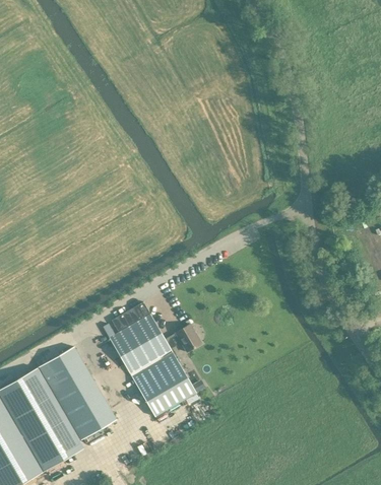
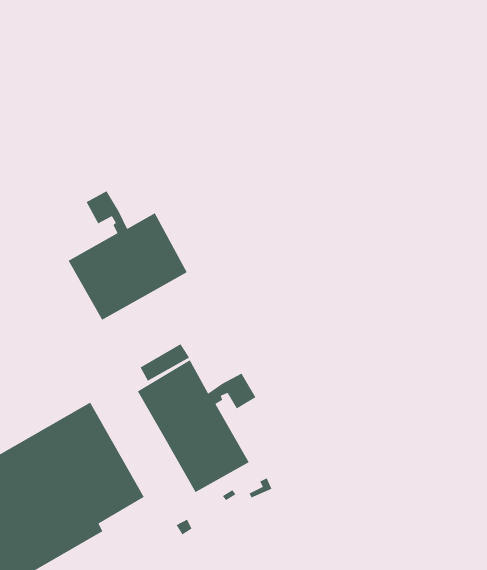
building: none -> [67,190,188,321]

